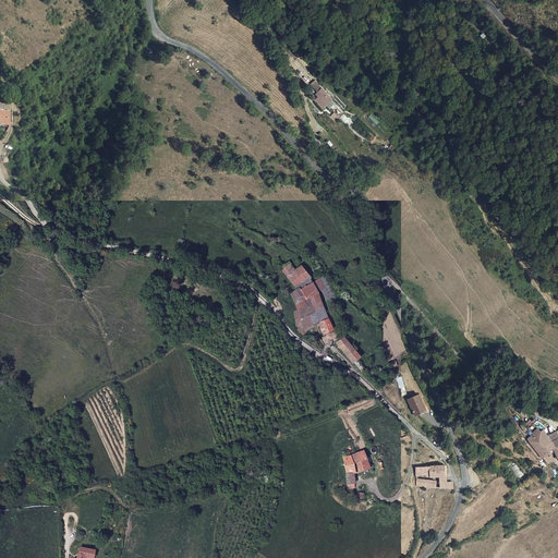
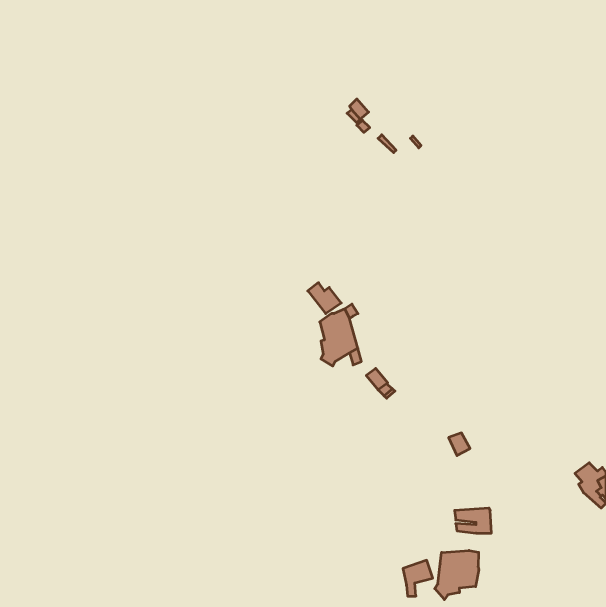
building: [343,453,371,486] -> [403,560,433,596]
building: none -> [435,550,479,600]

